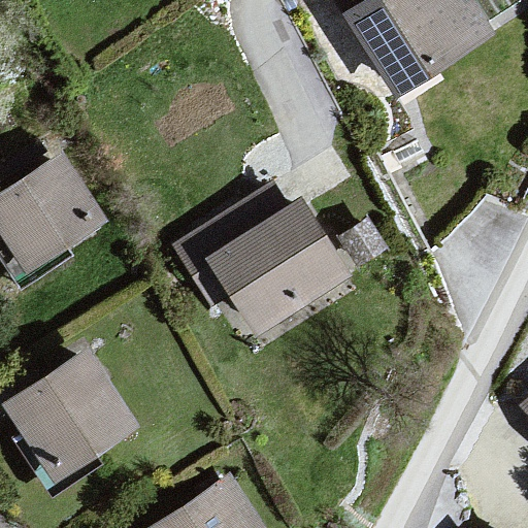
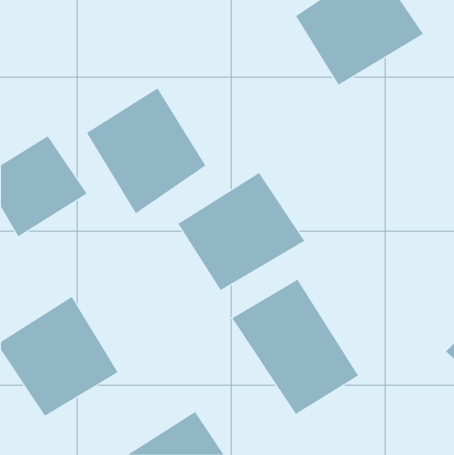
building: none -> [86,88,206,214]
building: none -> [231,279,359,415]

